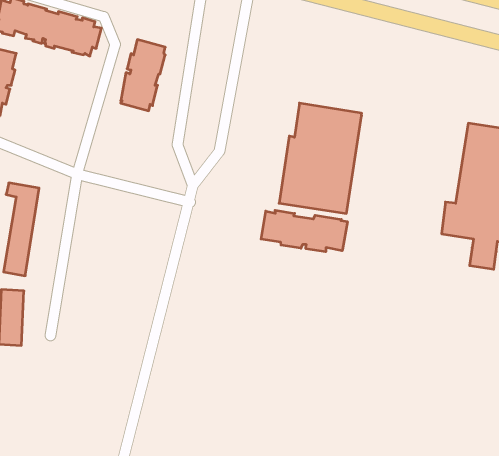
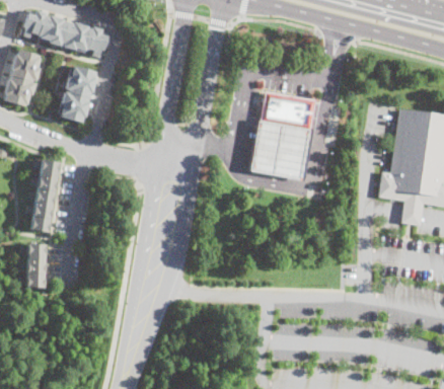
building: [121,40,165,111] -> [60,65,95,122]
building: [261,210,347,252] -> none

